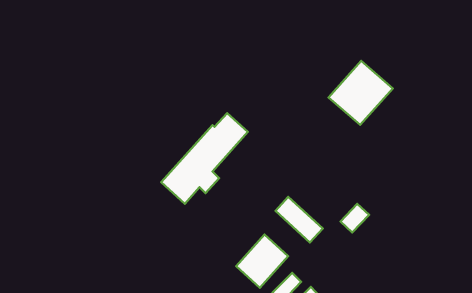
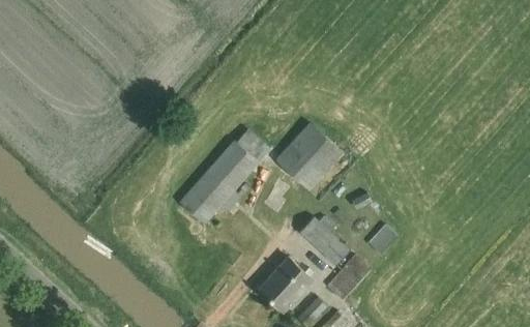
building: [329,61,393,125] -> [275,123,343,190]
building: none -> [328,256,371,300]

